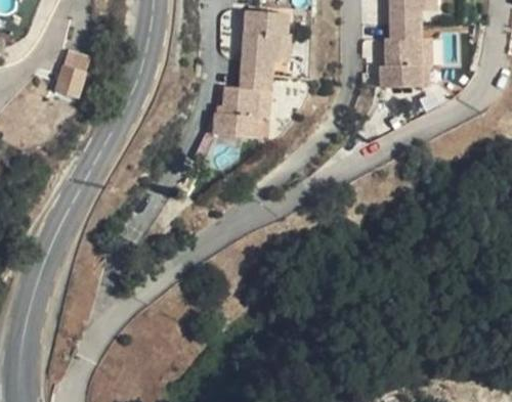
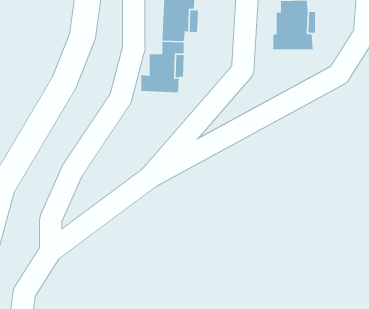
building: [57,53,92,100] -> none

